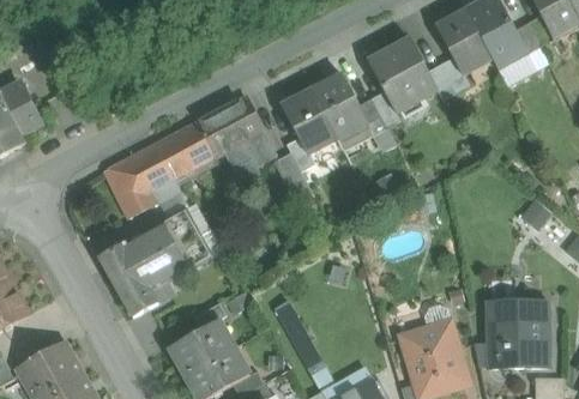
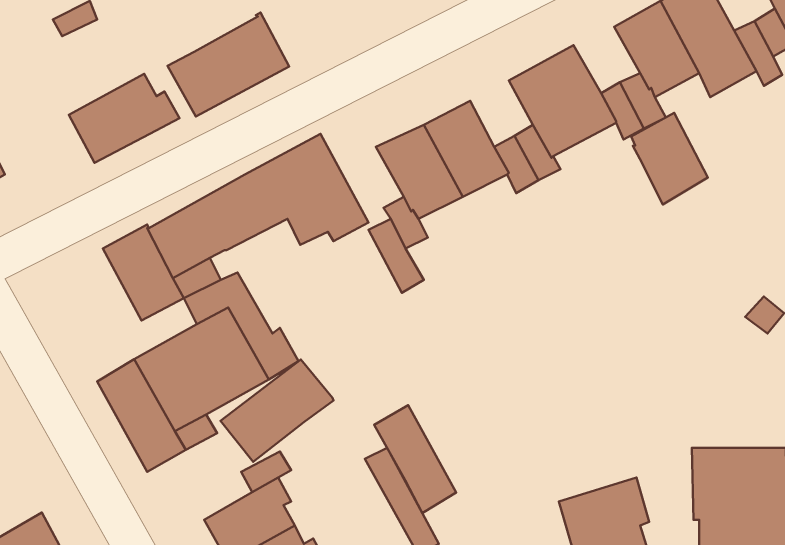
building: none -> [168,13,289,117]
building: none -> [69,74,180,163]
building: none -> [631,113,708,204]
building: none -> [221,359,333,462]
building: none -> [374,405,456,512]

